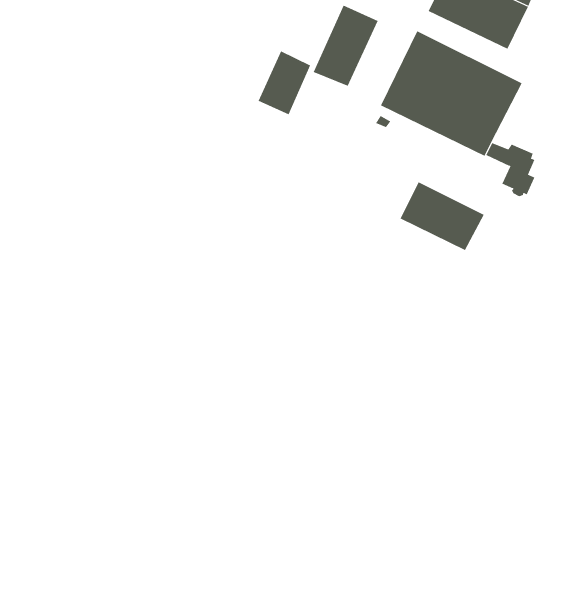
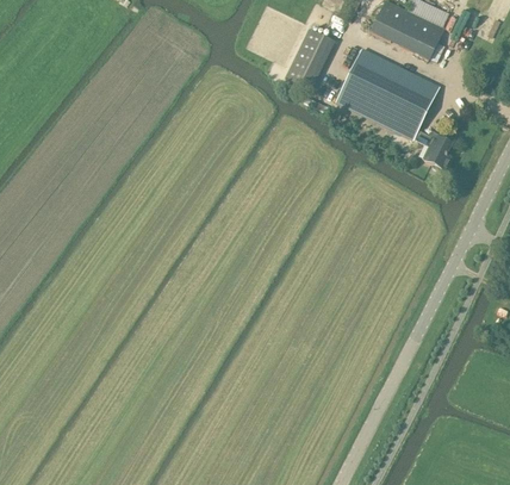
building: [258,50,311,115] -> none
building: [400,182,485,251] -> none

